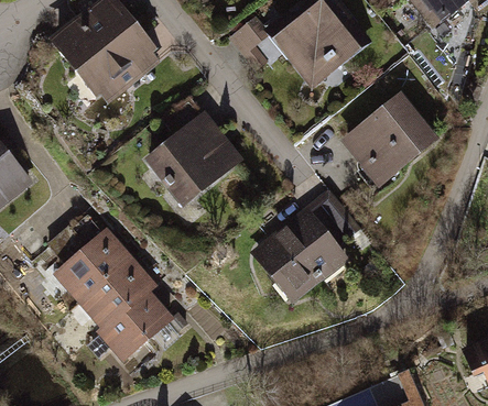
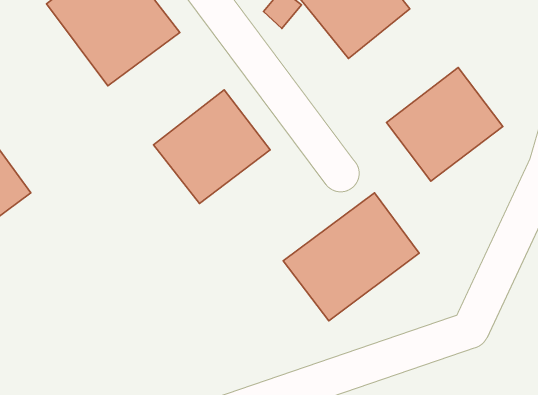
building: [50,226,174,356] -> none

